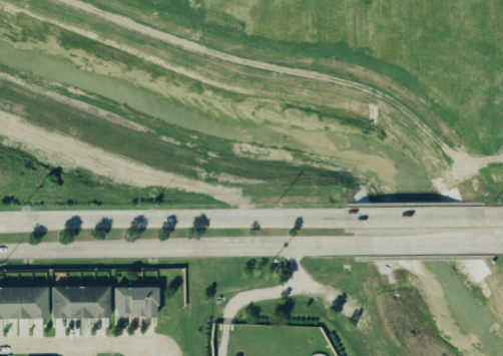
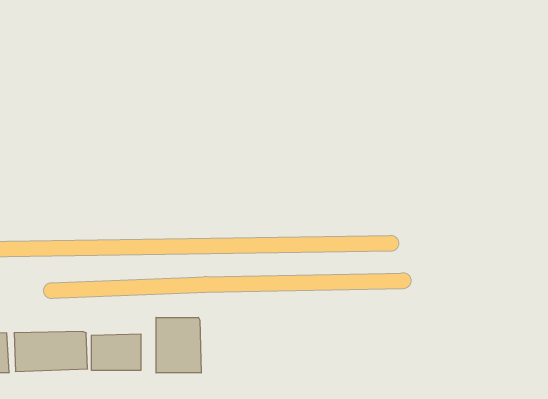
building: none -> [156,317,201,373]

